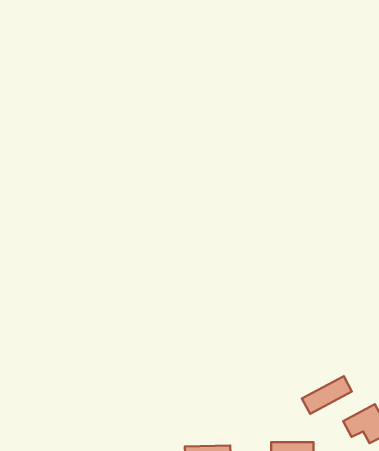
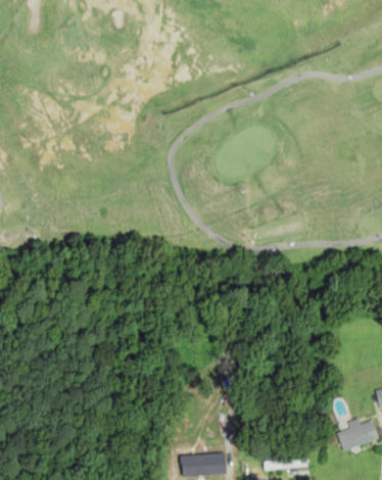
building: [302,376,352,414] -> none

